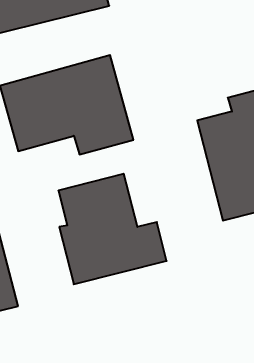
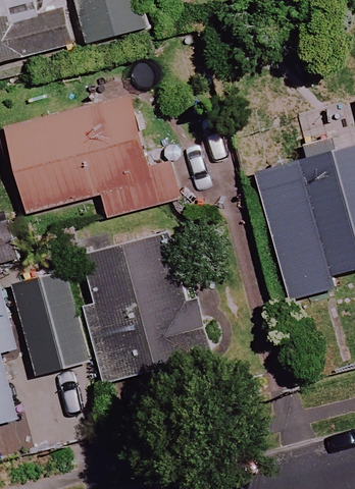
building: none -> [12,271,86,378]

